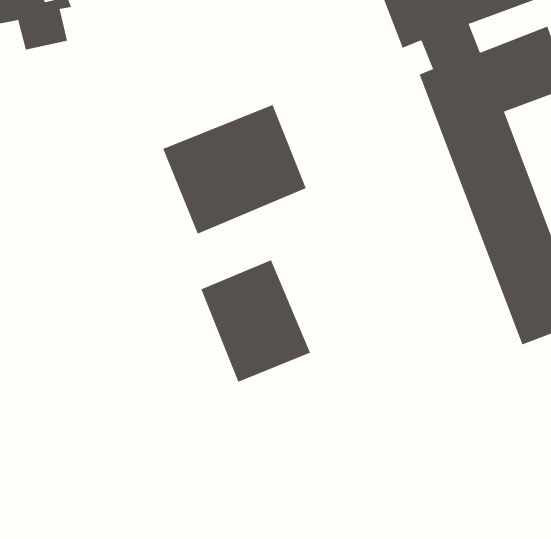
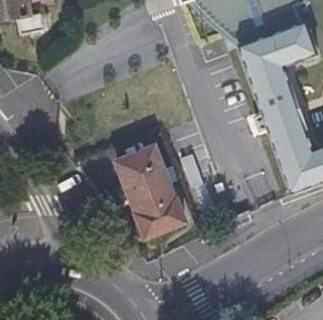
building: [162,104,307,234] -> none
building: none -> [138,198,186,237]

